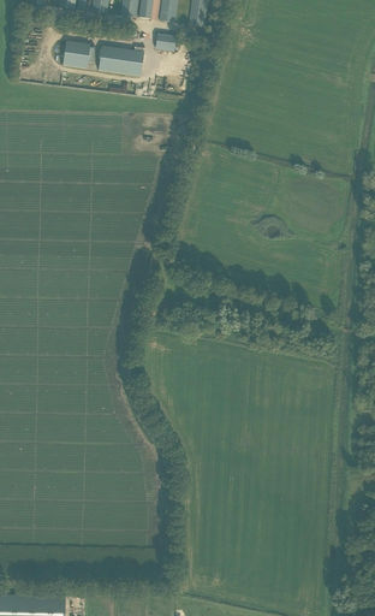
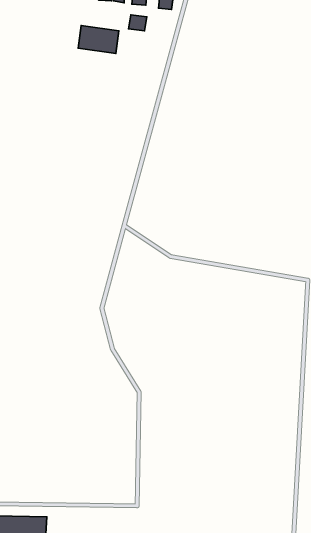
building: [61,40,89,69] -> none

